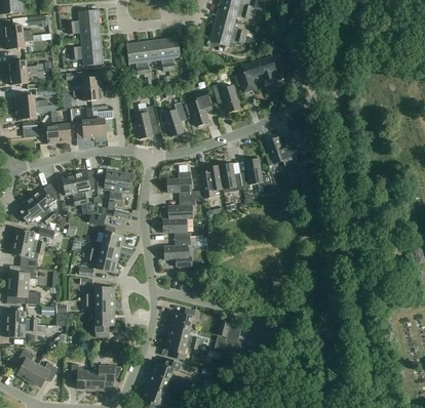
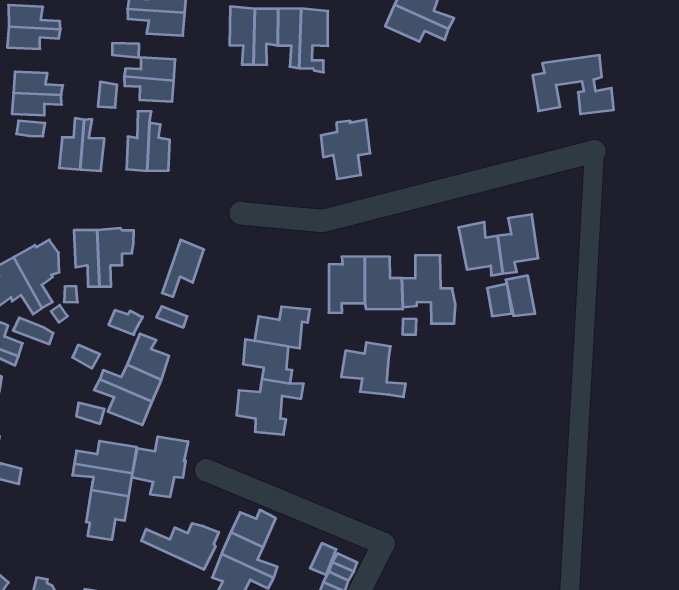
building: [237,57,283,92] -> [533,55,614,114]
building: [212,84,239,112] -> none
building: [163,103,186,136] -> none
building: [134,106,157,139] -> none
building: [96,170,119,202] -> none
building: [167,172,202,199] -> [341,342,406,397]
building: none -> [132,437,188,497]
building: none -> [141,523,219,570]

